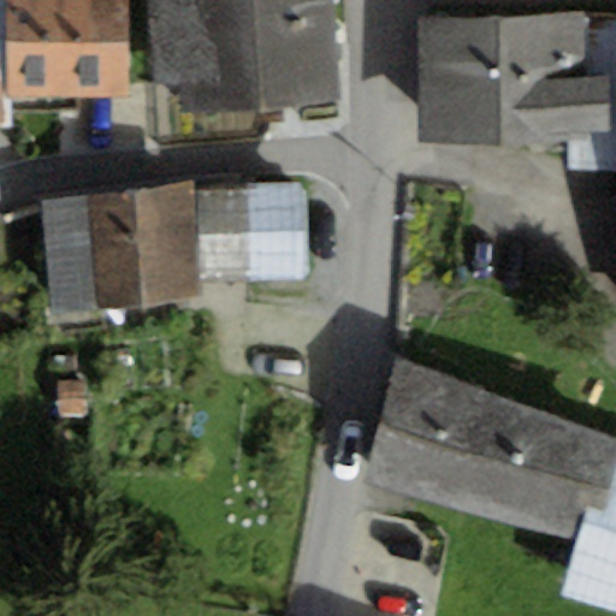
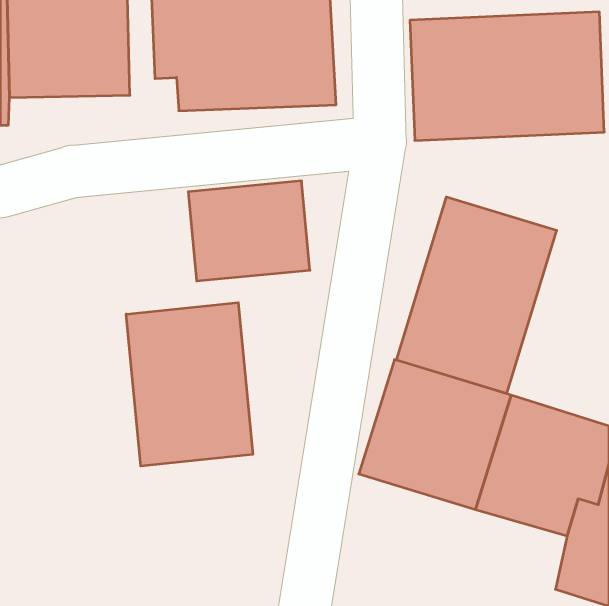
building: [37,179,200,314] -> none
building: none -> [396,197,557,393]
building: none -> [126,303,253,466]

